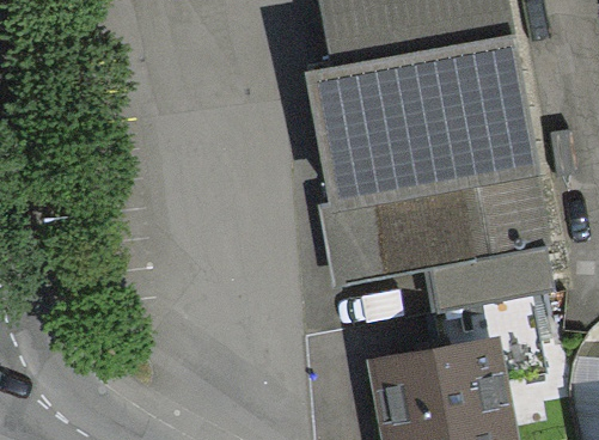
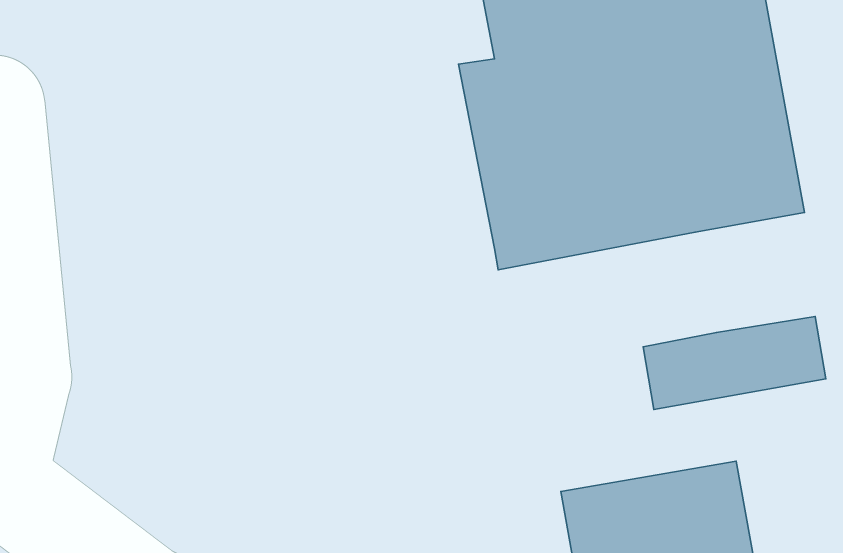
building: [319,190,482,283] -> none

